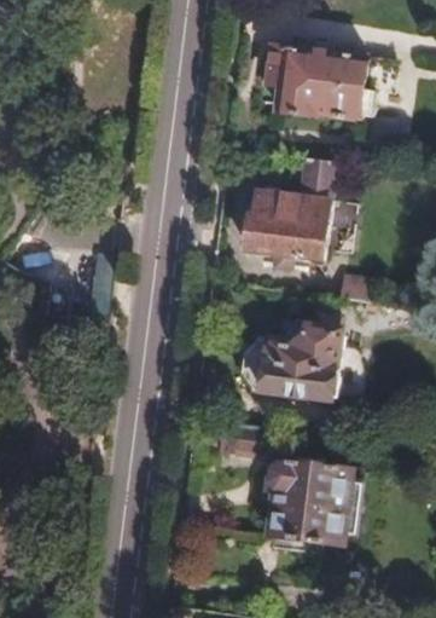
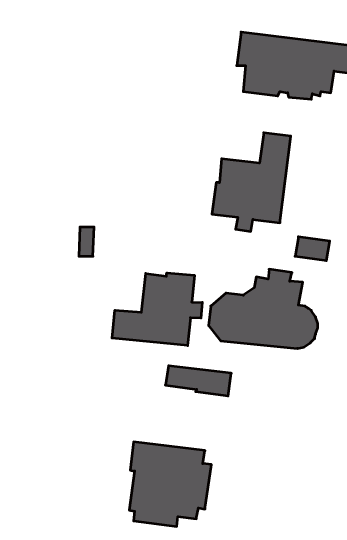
building: none -> [112,273,202,346]
building: [272,458,364,553] -> [129,442,211,526]

